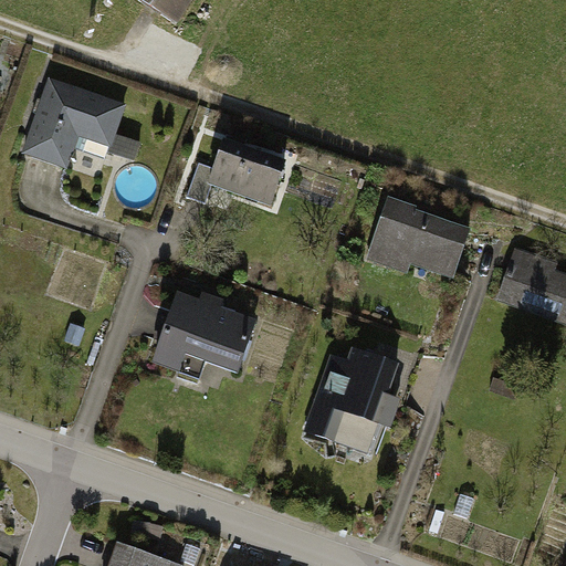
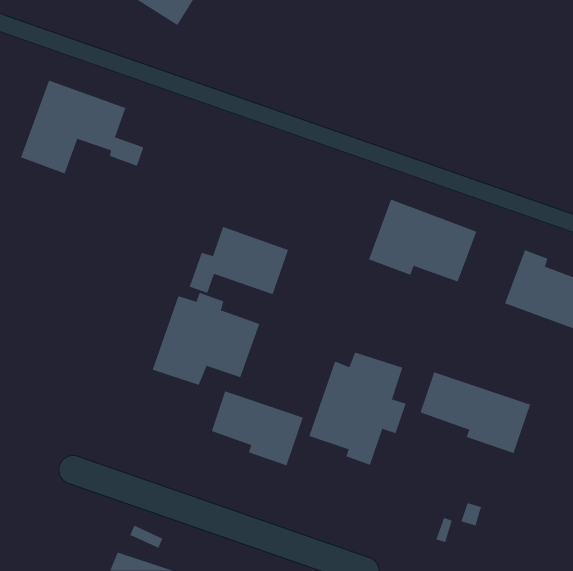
building: [188,138,286,206] -> [189,226,289,295]
building: none -> [420,371,531,454]
building: none -> [211,391,304,466]

